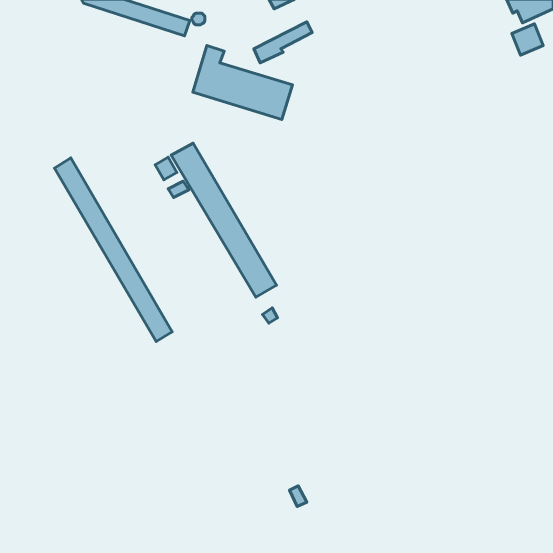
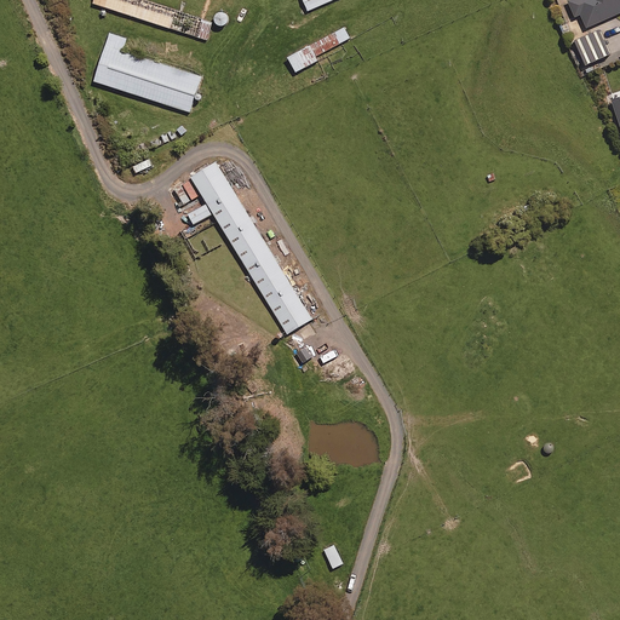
building: [193,46,293,119] -> [92,33,203,115]
building: [54,158,172,342] -> none

